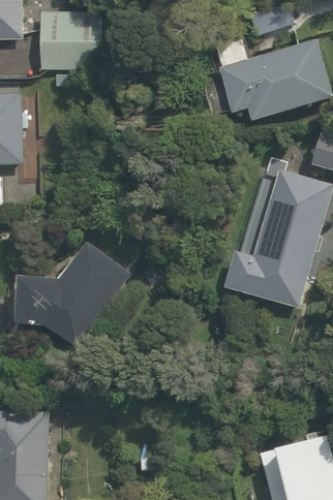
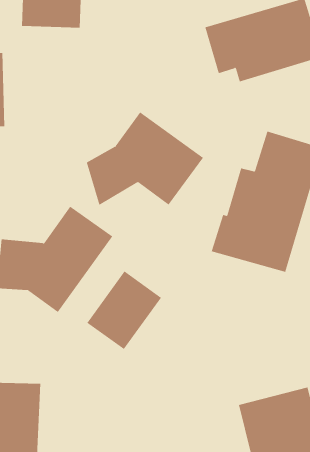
building: none -> [86,112,204,206]
building: none -> [86,271,162,350]

